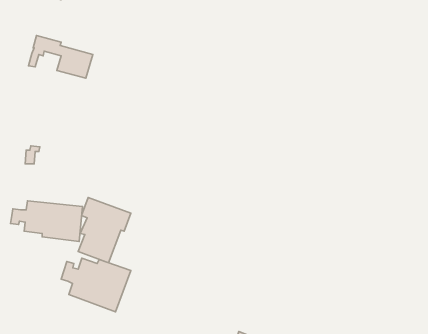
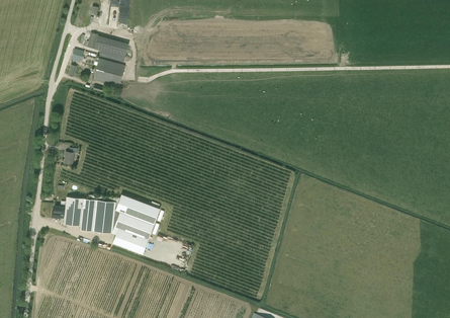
building: none -> [84,33,128,62]
building: [61,258,131,312] -> none

